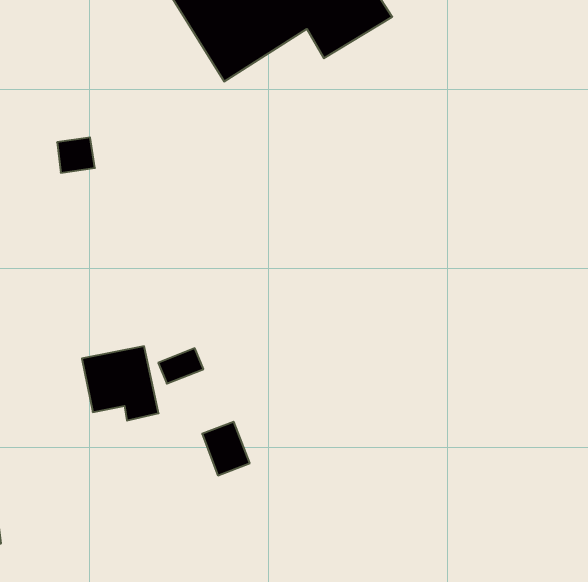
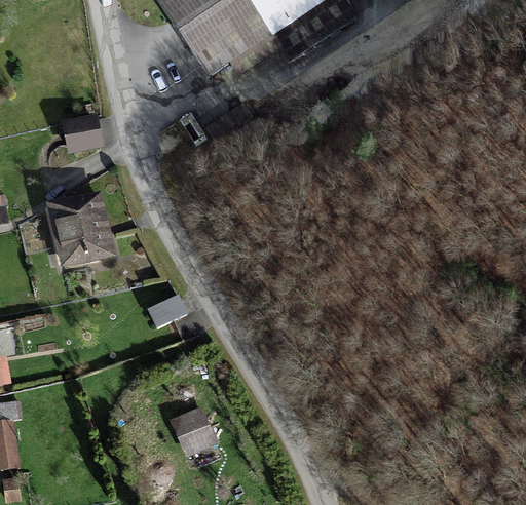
building: [82,346,159,421] -> [51,197,116,260]
building: [202,422,250,475] -> [171,411,211,456]

